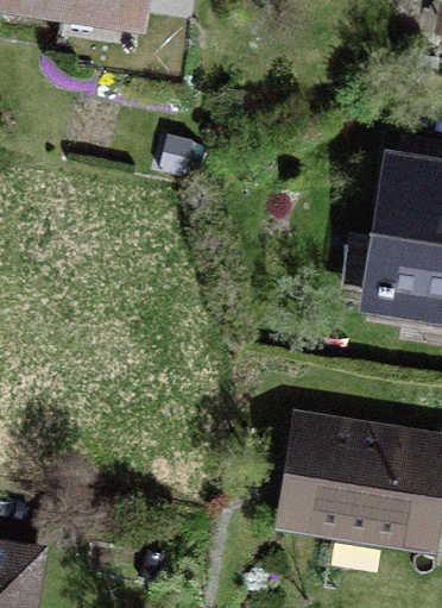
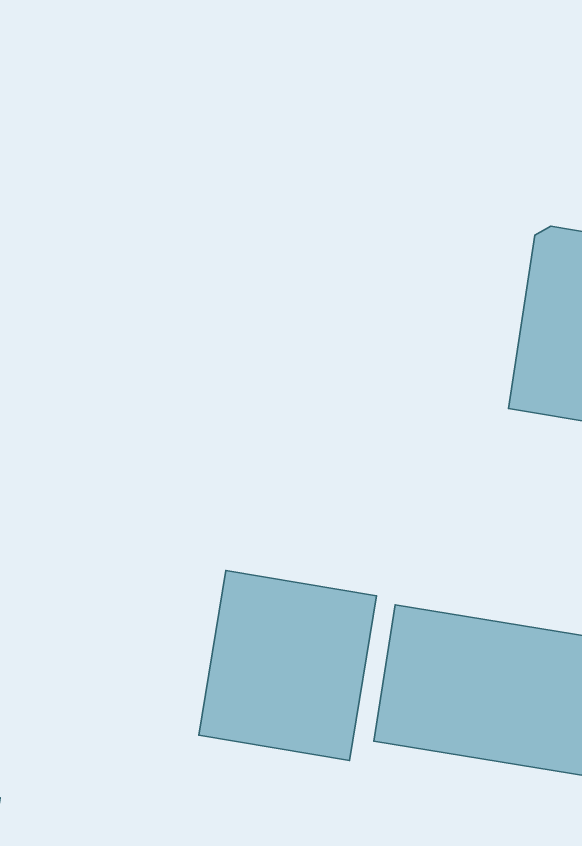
building: none -> [199,570,377,761]

